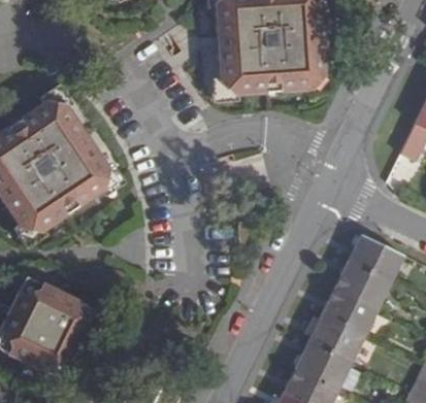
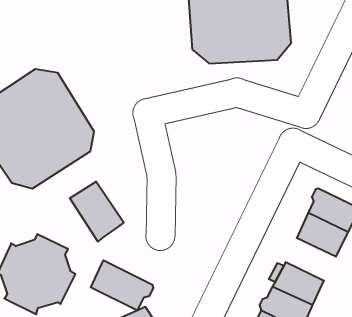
building: none -> [70,181,124,242]
building: [322,289,378,336] -> none
building: none -> [91,260,153,311]

